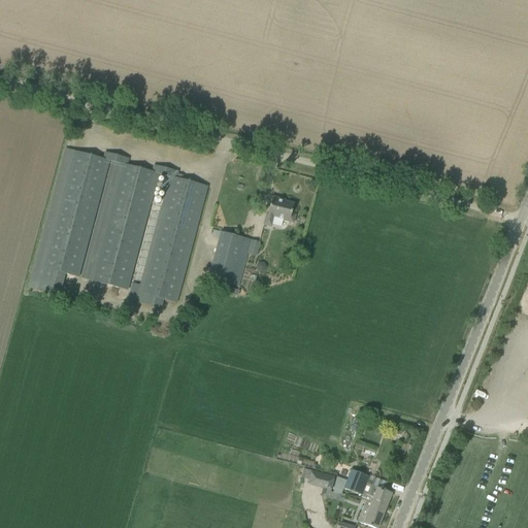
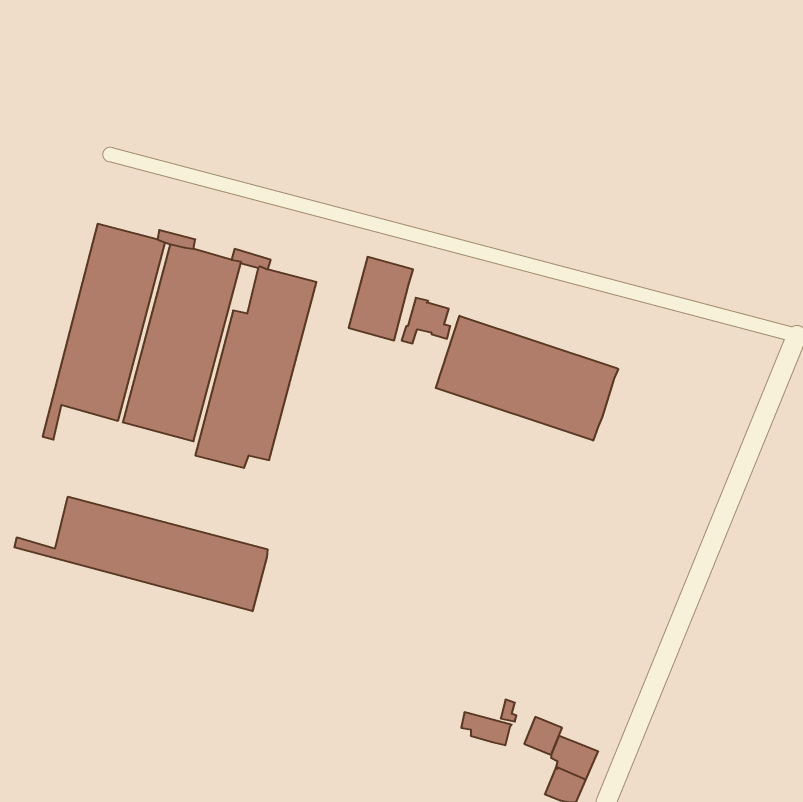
building: none -> [436,316,618,441]
building: [209,230,252,285] -> [349,257,413,340]
building: none -> [14,497,268,611]

